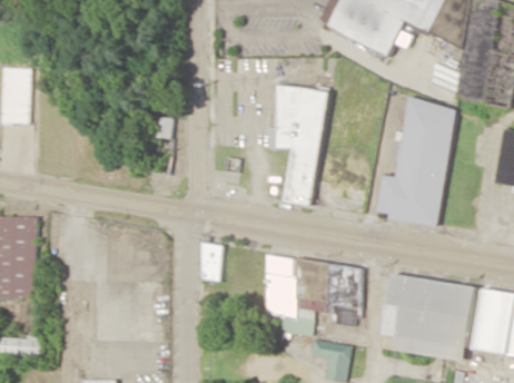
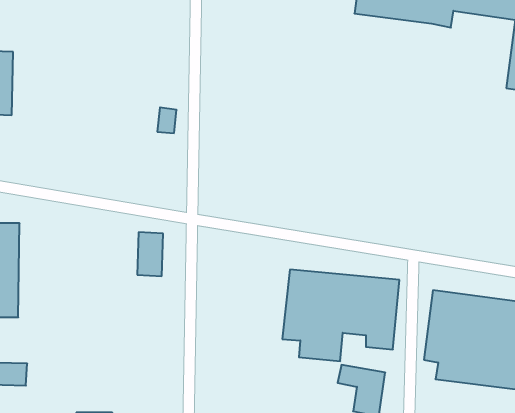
building: [265,84,327,205] -> none
building: [377,99,455,225] -> none
building: [199,243,221,281] -> [137,232,163,276]

